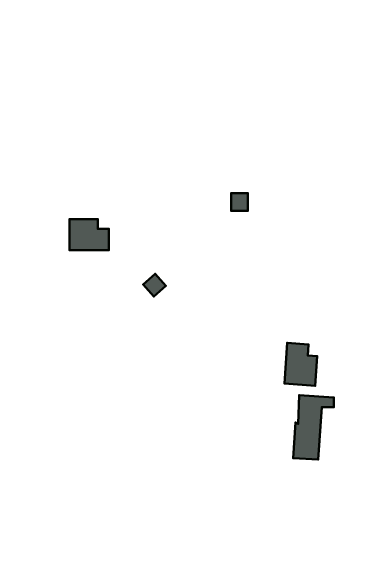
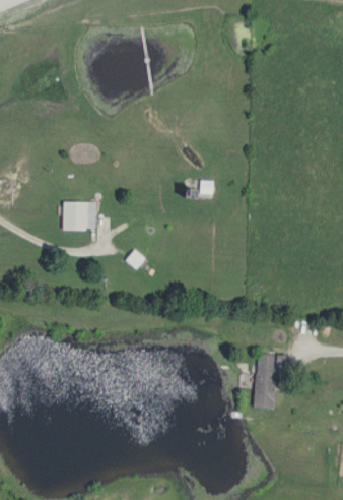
building: [284,343,317,386] -> none

